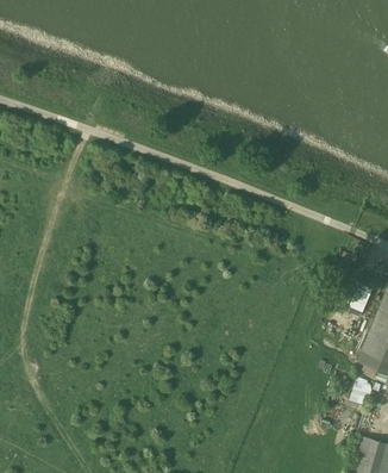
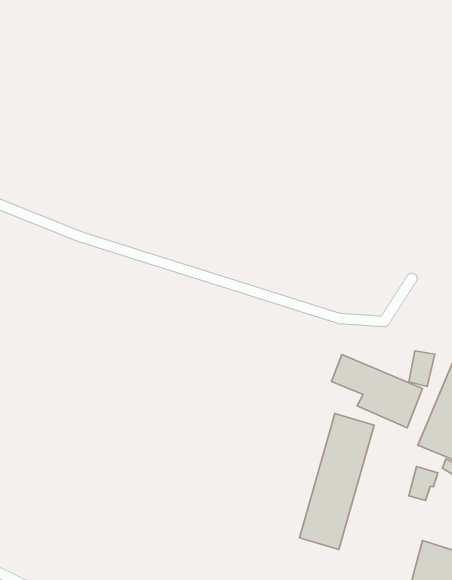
building: none -> [331,355,422,428]
building: none -> [299,413,374,549]

